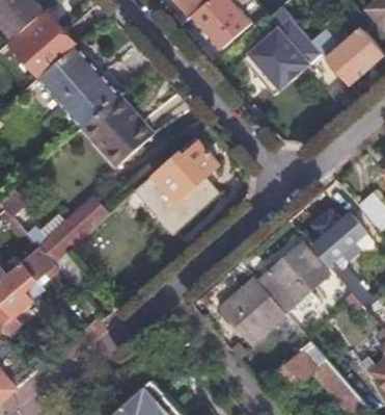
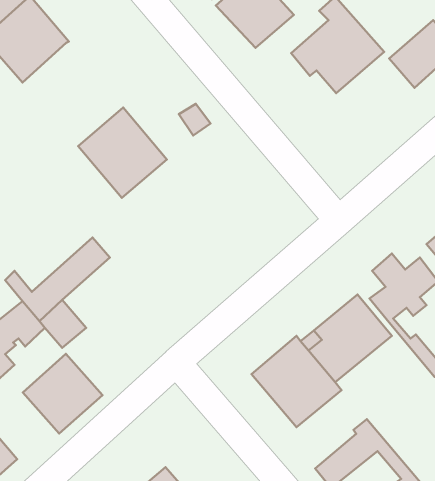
building: [38,46,117,127] -> none
building: [134,137,215,231] -> none
building: none -> [23,354,102,434]

